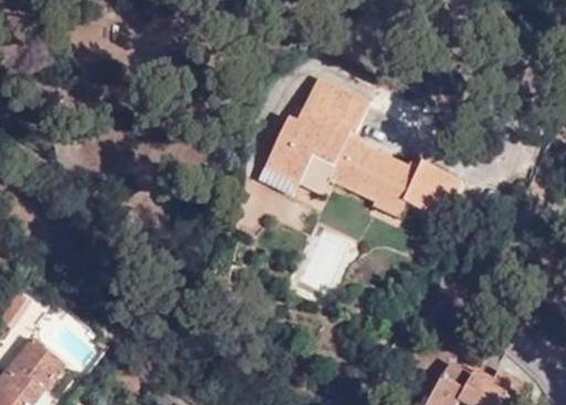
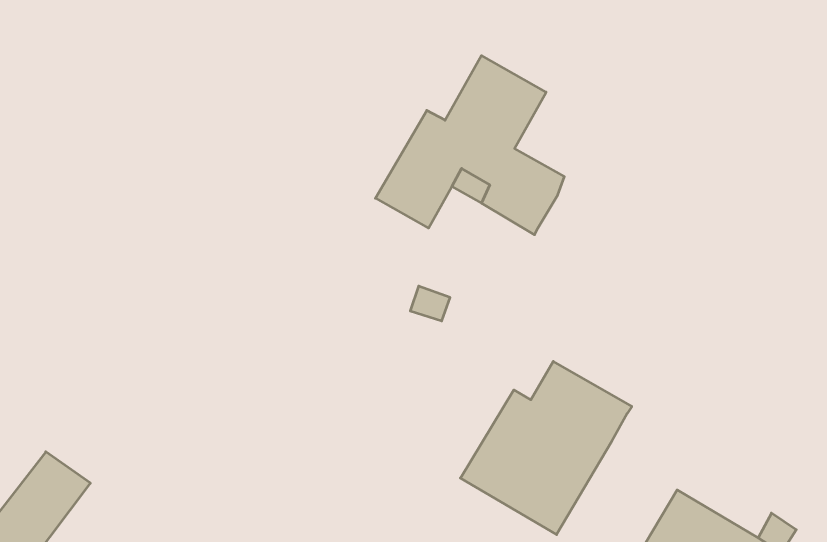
building: [359,154,457,220] -> none
building: none -> [460,361,632,535]

